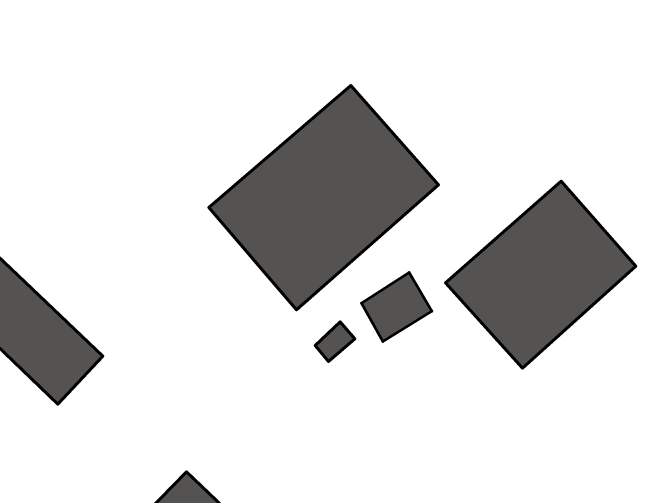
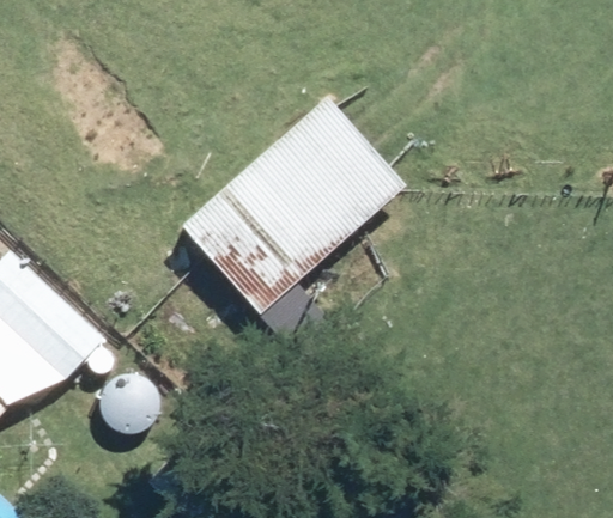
building: [446,181,636,368] -> none

